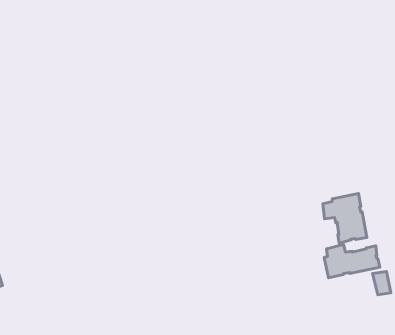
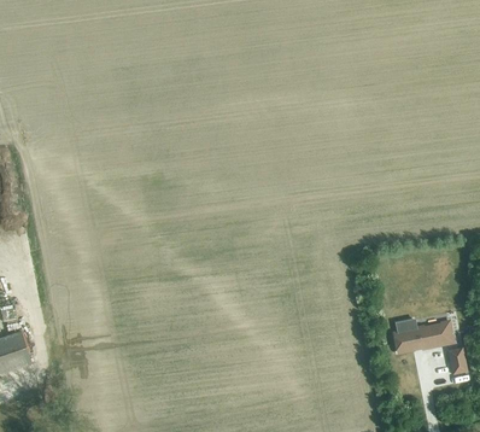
building: [323,194,367,243] -> none

